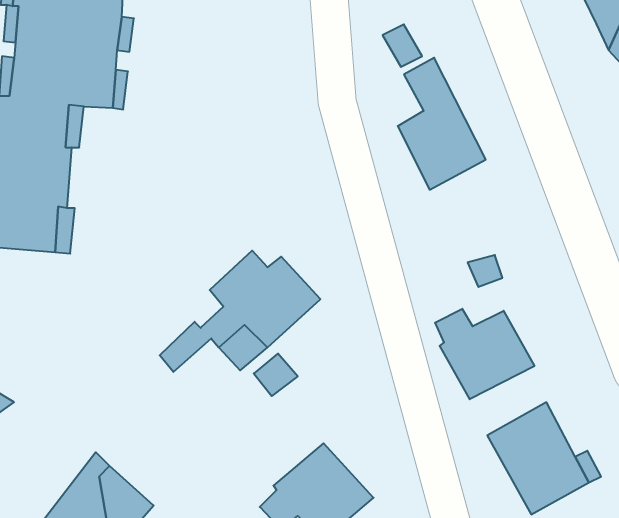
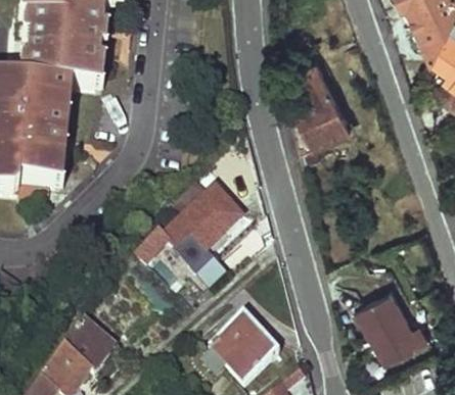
building: [435,309,534,399] -> none

